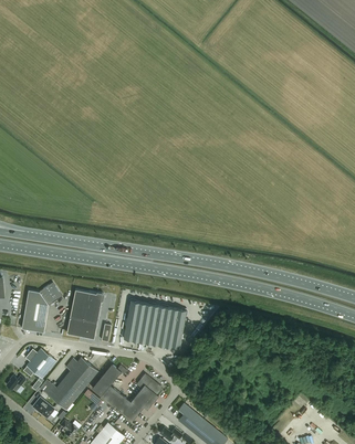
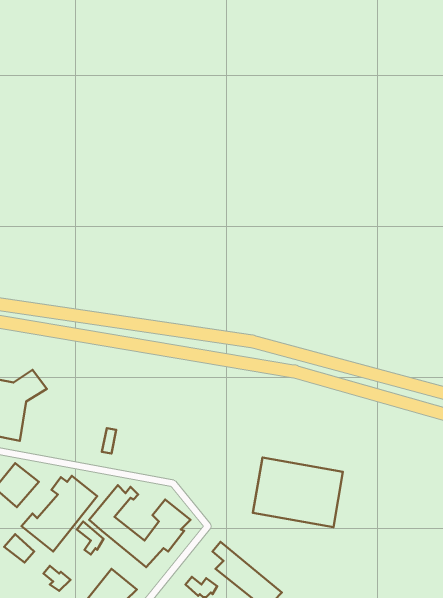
building: [66,289,103,339] -> none
building: [123,300,186,349] -> [253,458,343,527]

